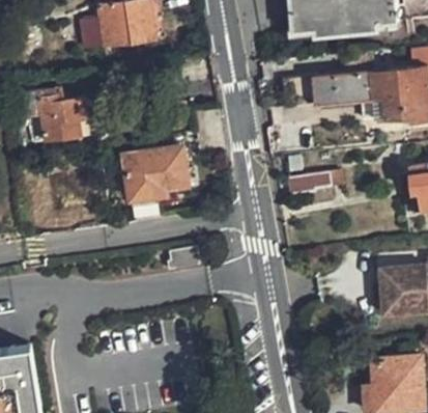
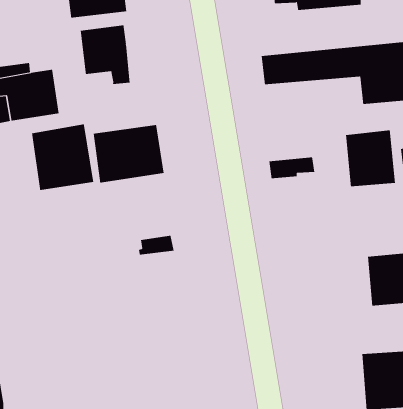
building: none -> [80,25,130,85]
building: none -> [31,124,94,191]
building: none -> [345,130,395,187]

